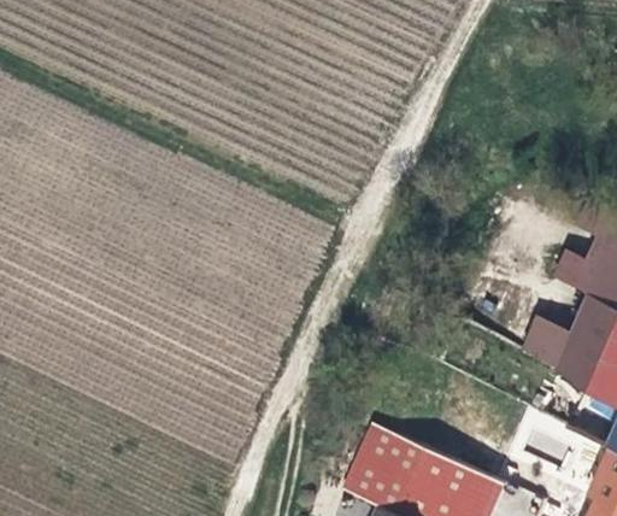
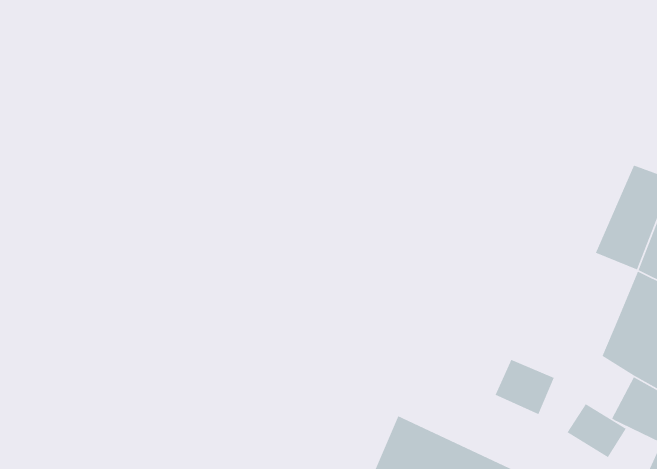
building: [517,319,571,370] -> [495,359,555,415]

